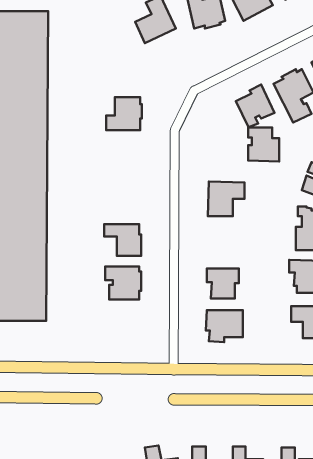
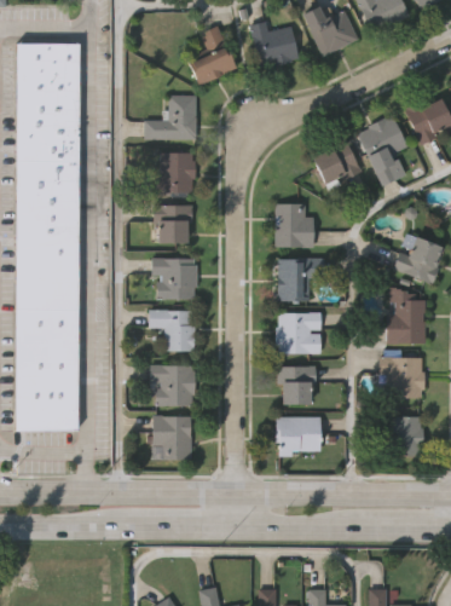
building: none -> [144,96,196,139]
building: [248,128,279,162] -> [274,204,313,247]
building: none -> [154,204,192,241]
building: none -> [151,256,197,298]
building: none -> [276,313,322,354]
building: none -> [149,415,190,458]

